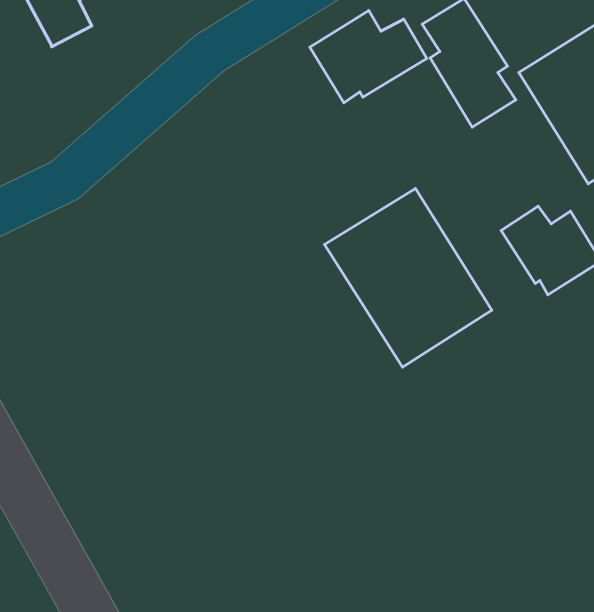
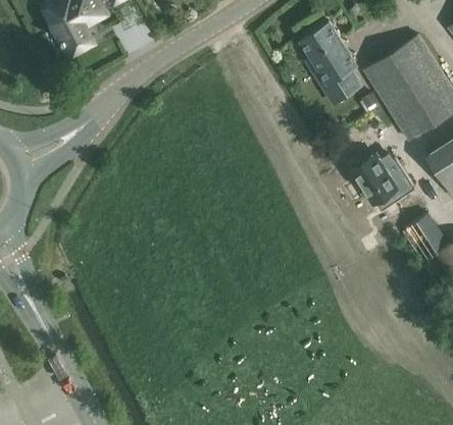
building: [310,10,427,103] -> none
building: [325,188,492,367] -> none

